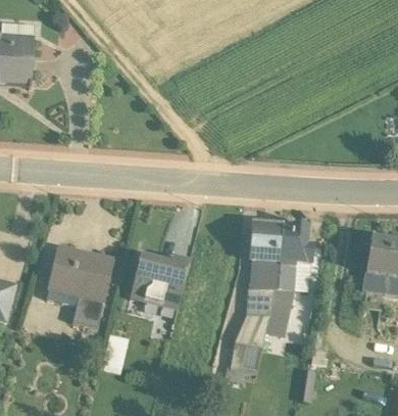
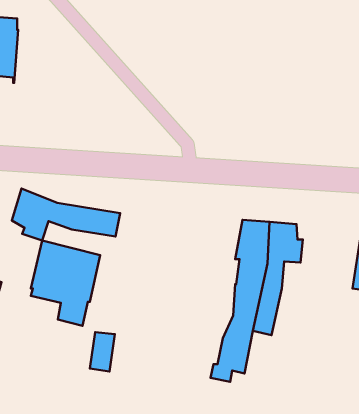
building: none -> [12,189,120,241]
building: [130,250,189,309] -> none

